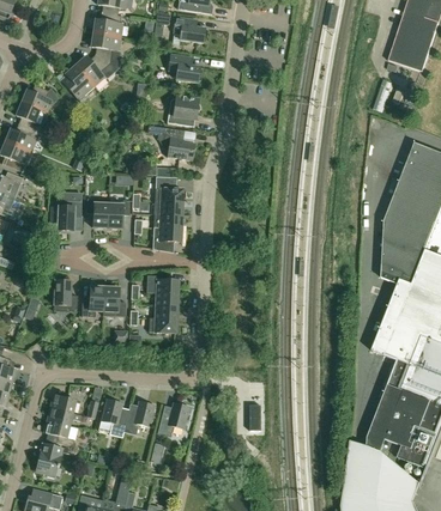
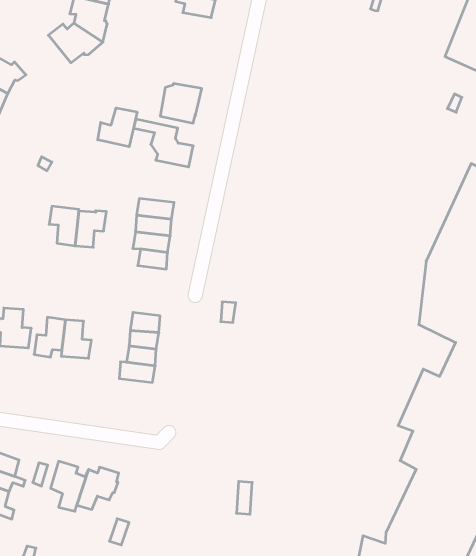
building: [168,53,200,81] -> none
building: [64,63,95,99] -> none
building: none -> [98,108,137,147]
building: [56,196,80,227] -> none
building: [157,401,191,436] -> none

